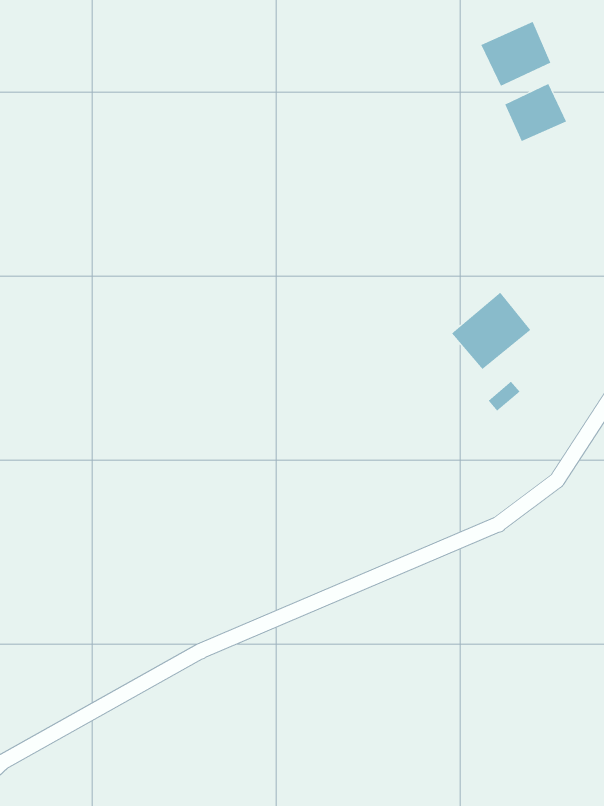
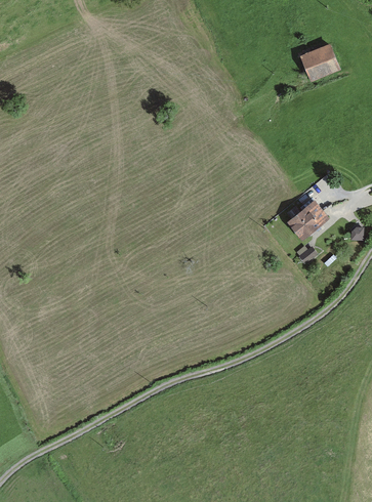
building: [505,83,567,142] -> none

